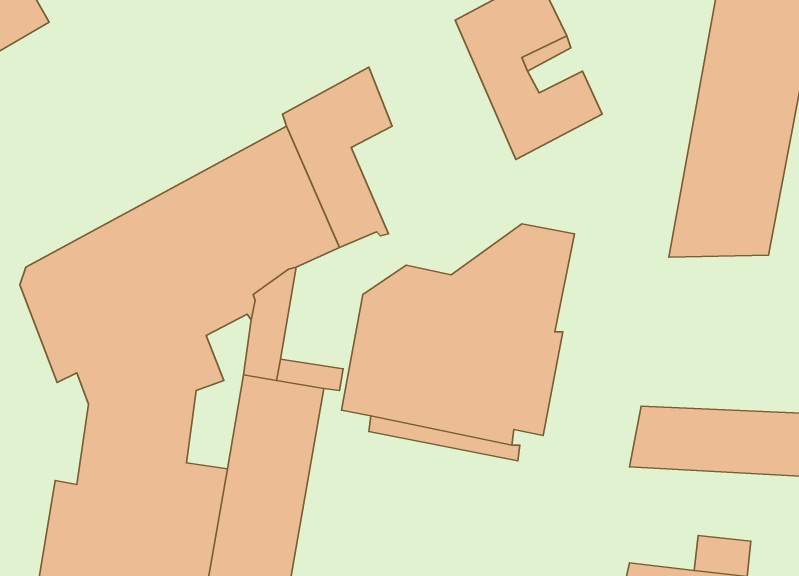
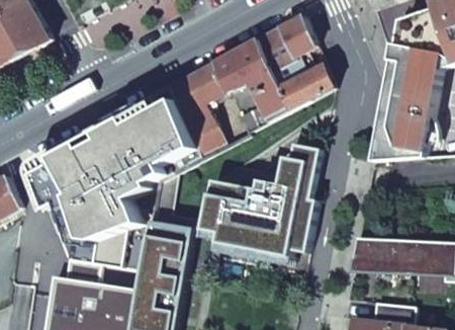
building: none -> [215,37,291,137]

